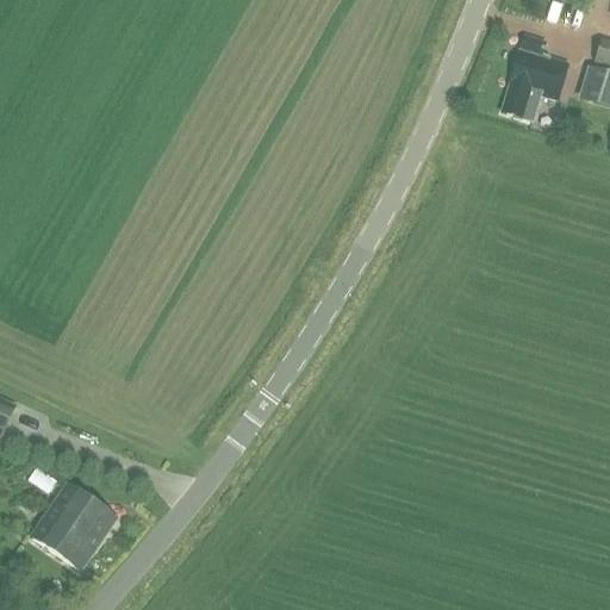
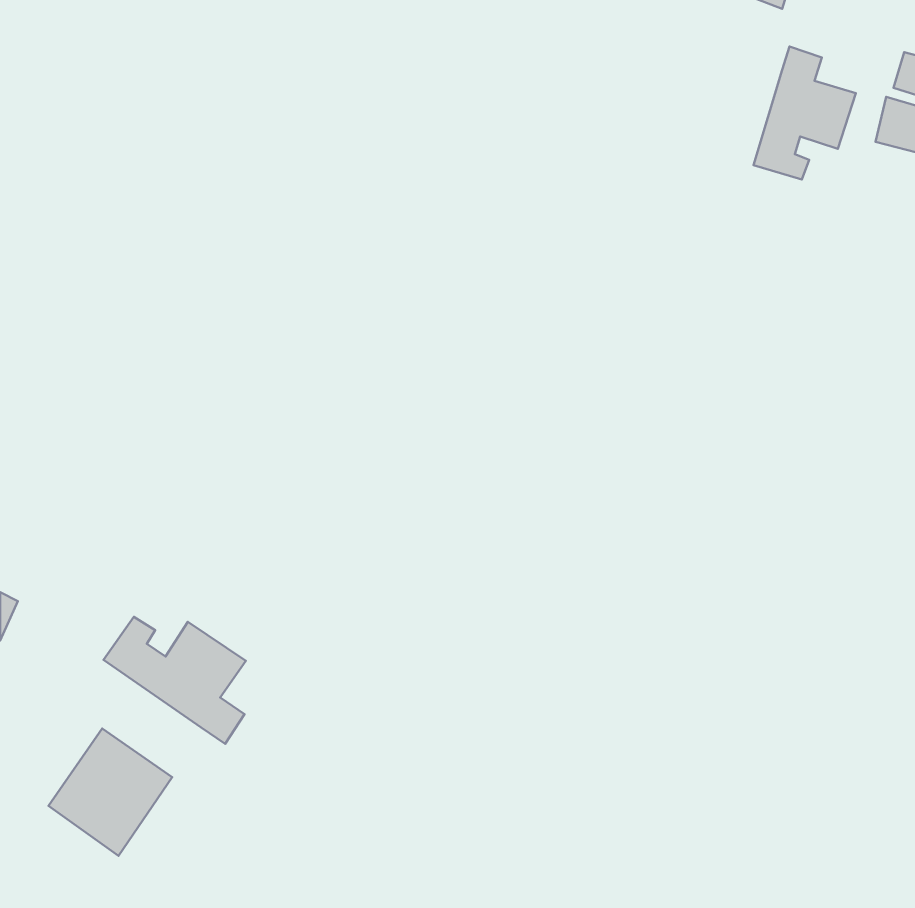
building: none -> [104,617,246,744]

